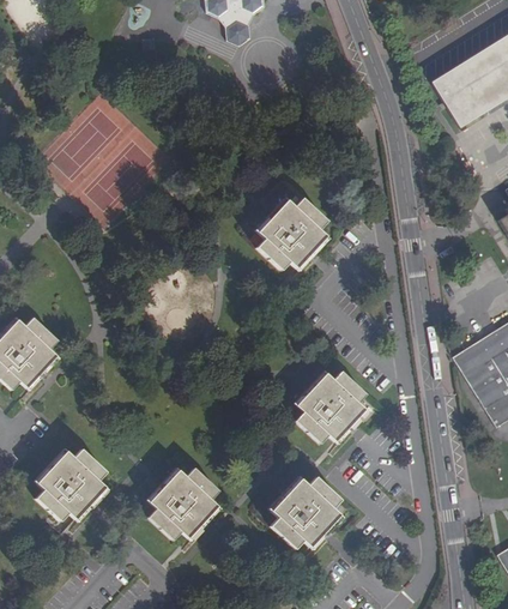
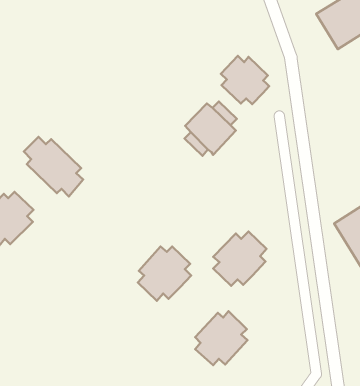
building: none -> [221,56,269,104]
building: none -> [24,137,83,196]
building: [35,447,104,519] -> none
building: [147,468,218,539] -> [138,247,191,301]

